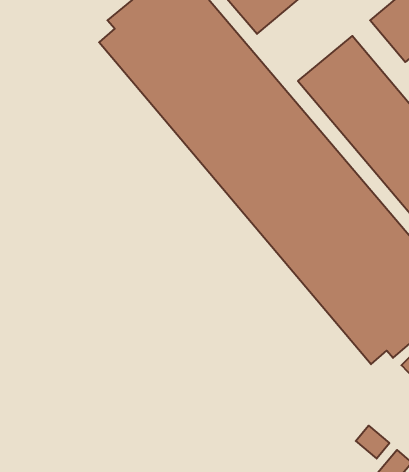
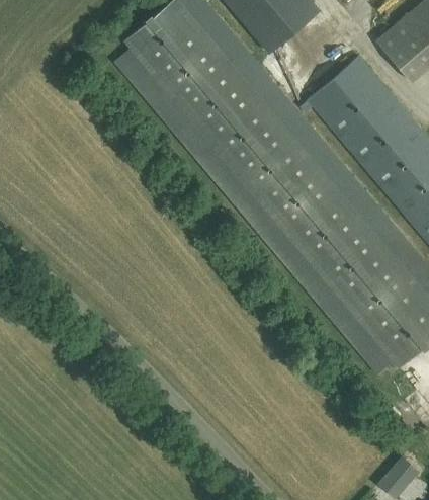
building: [356,426,389,459] -> none

